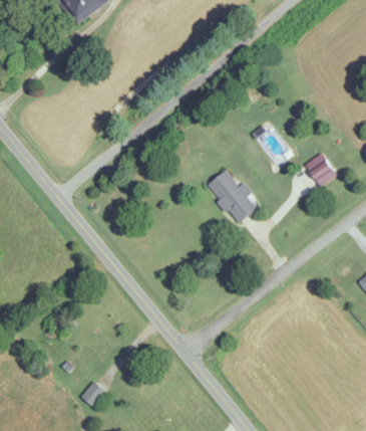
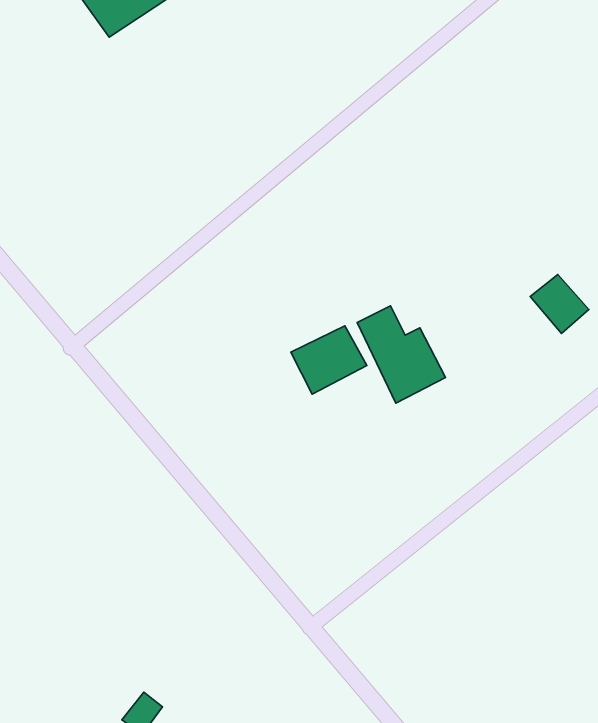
building: none -> [291,326,367,394]

